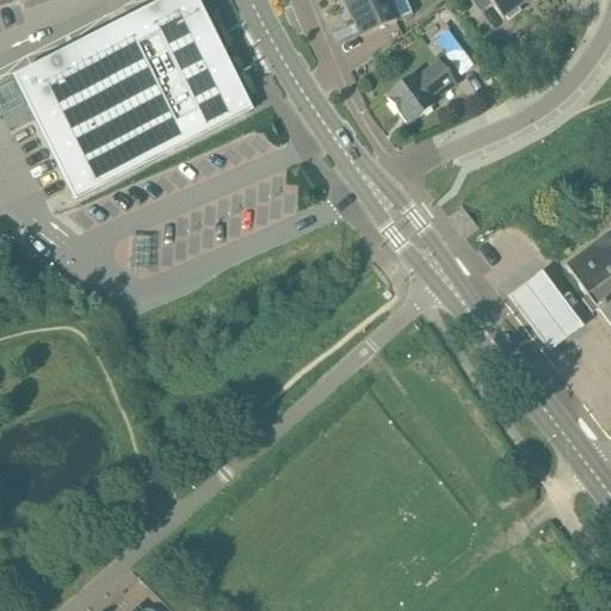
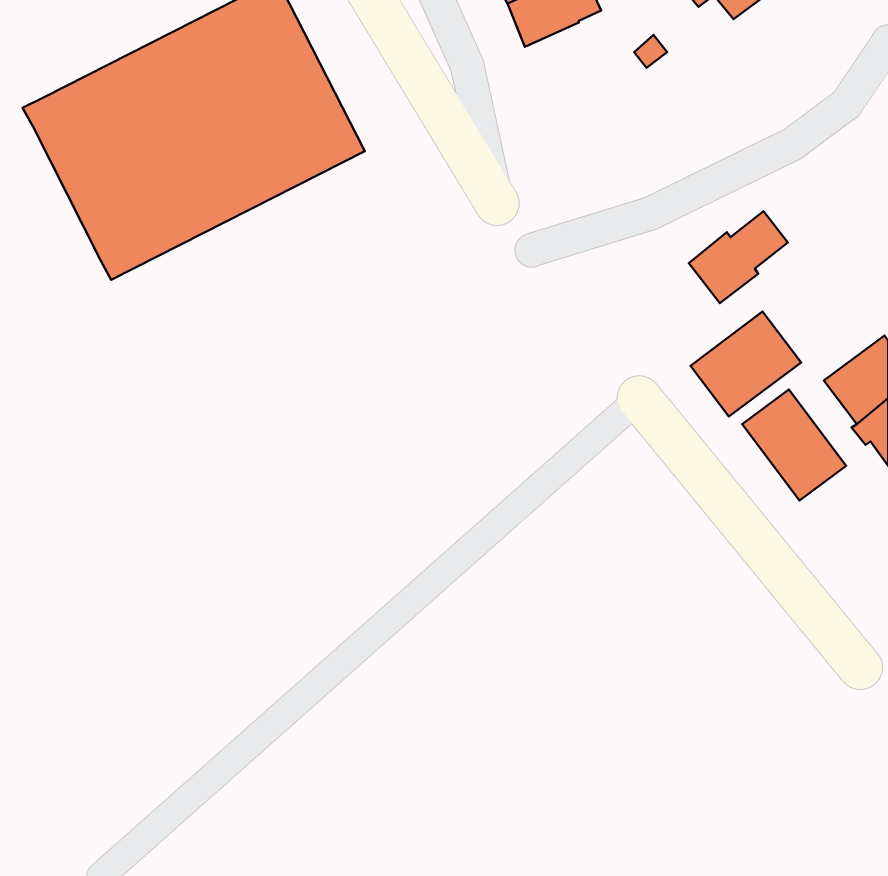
building: [389,56,457,119] -> [689,211,788,303]
building: none -> [690,312,801,417]

